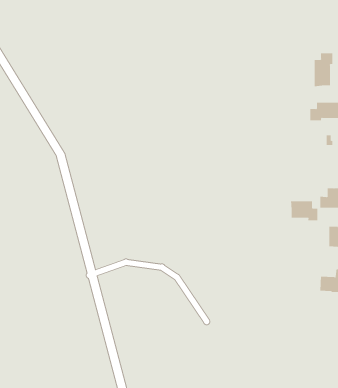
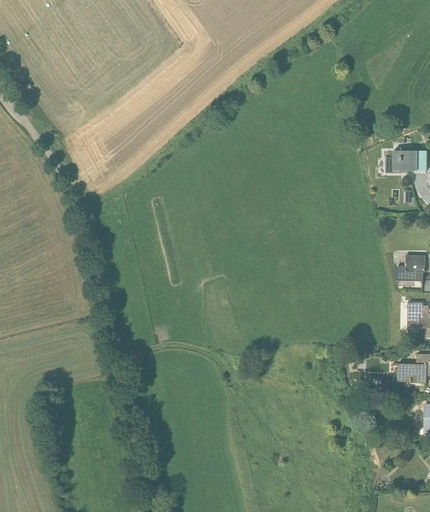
building: [314,53,333,87] -> none
building: [290,201,318,221] -> none

